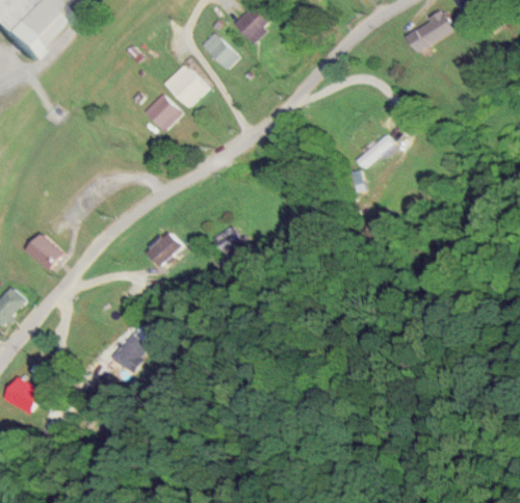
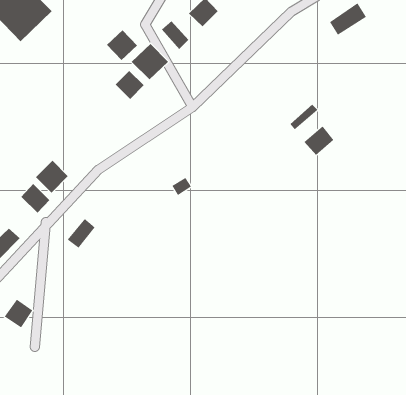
building: none -> [106,29,138,61]
building: none -> [304,126,334,156]
building: none -> [35,160,69,193]
building: [147,230,182,265] -> none
building: [113,333,149,370] -> [67,218,96,249]

